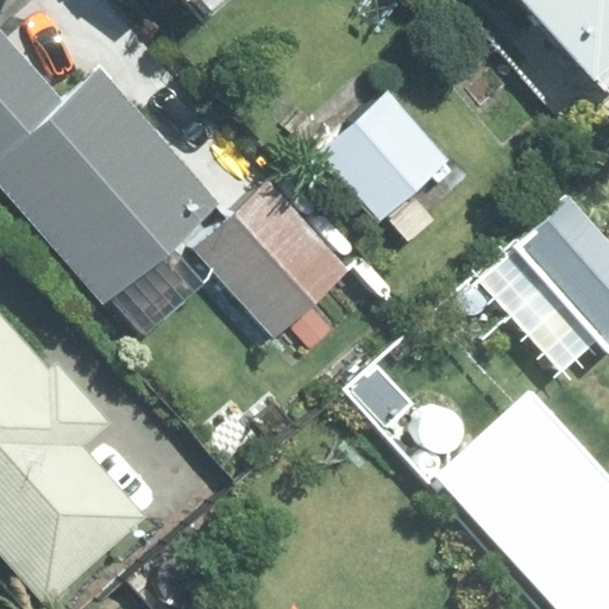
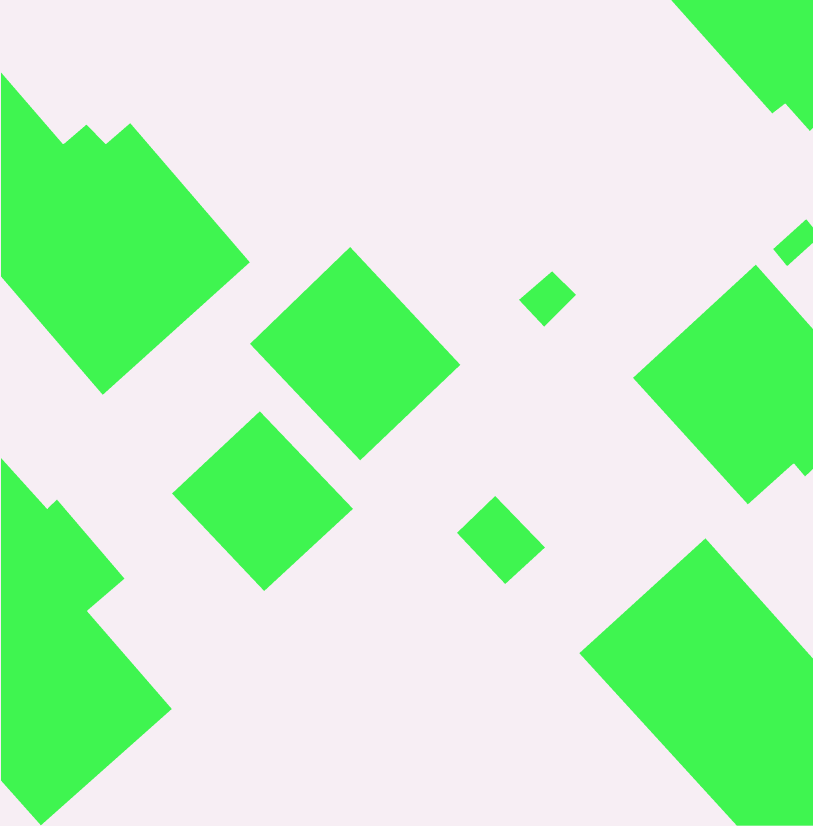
building: [318,94,450,225] -> none
building: none -> [171,410,354,592]

